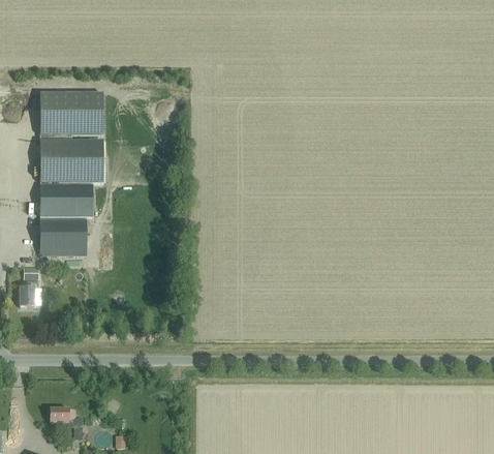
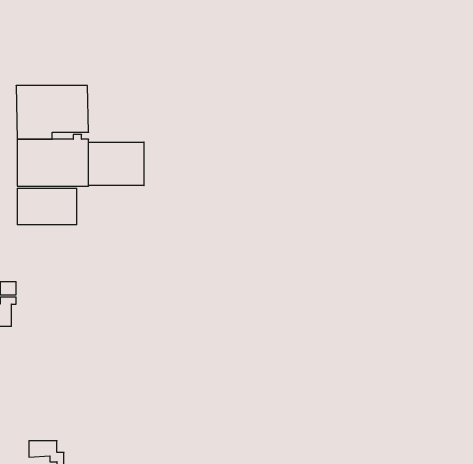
building: none -> [89,142,144,186]
building: [40,217,87,254] -> none

